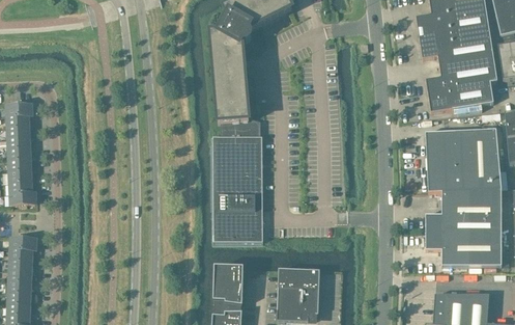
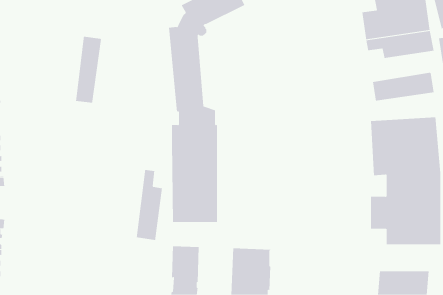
building: none -> [75,36,101,104]
building: [426,57,497,90] -> none
building: none -> [136,169,162,241]

